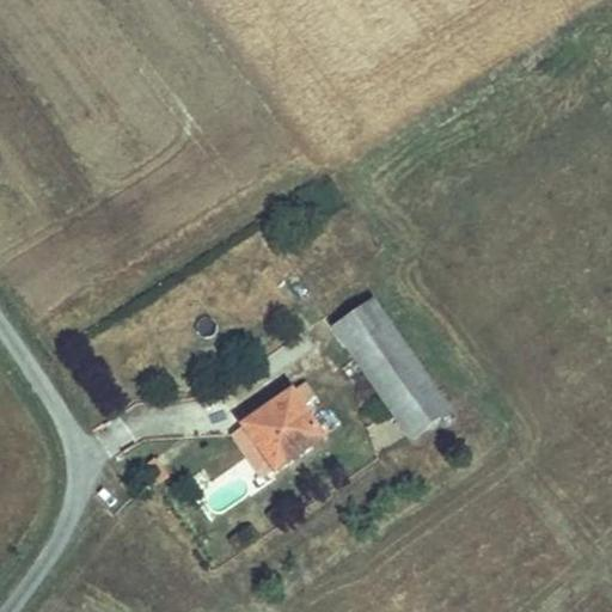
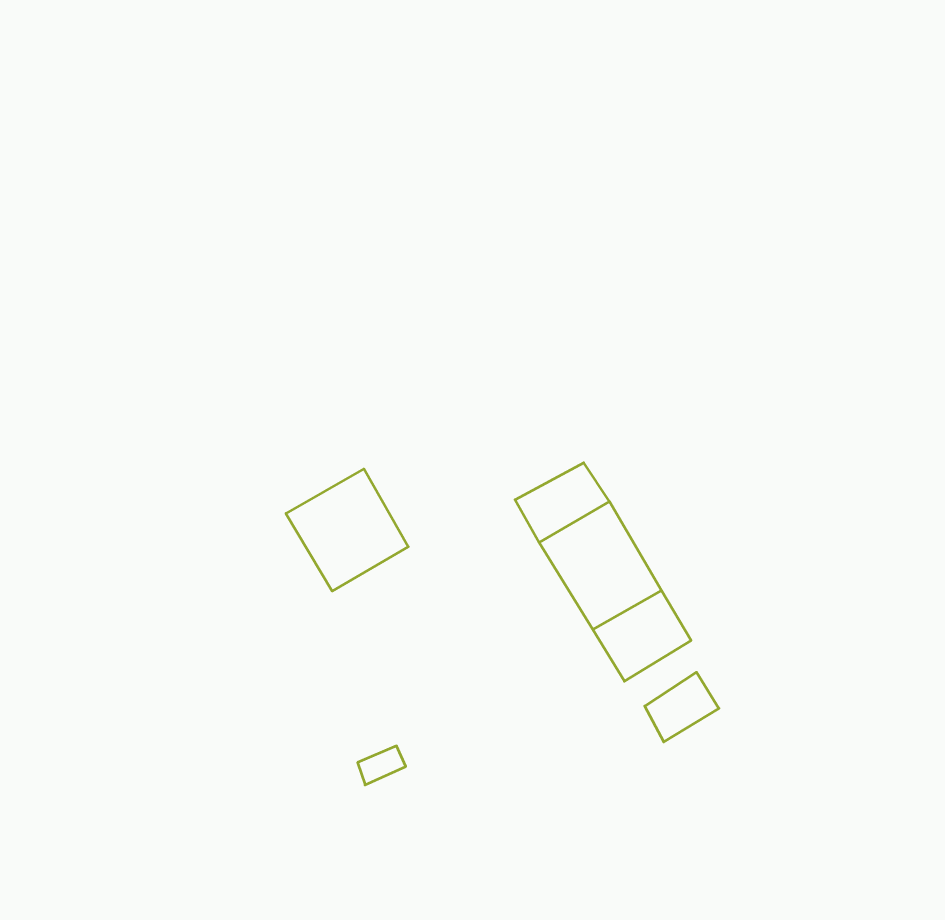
building: [245,386,324,465] -> [286,469,408,591]
building: none -> [645,672,719,742]

